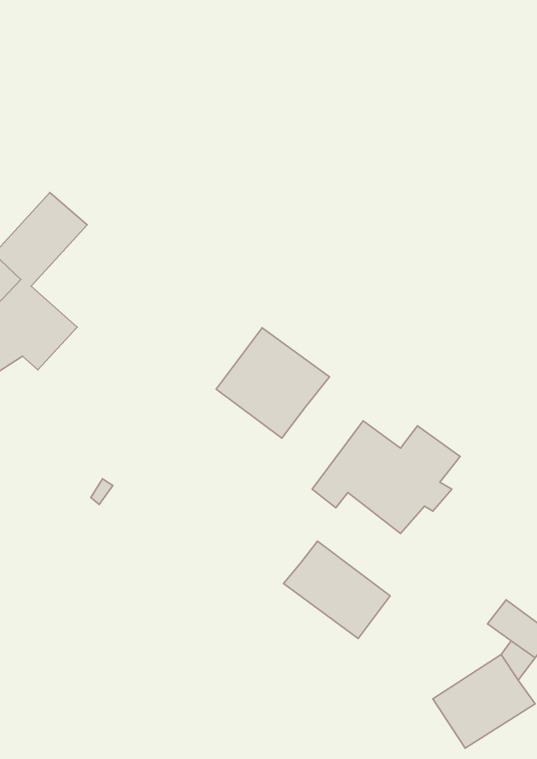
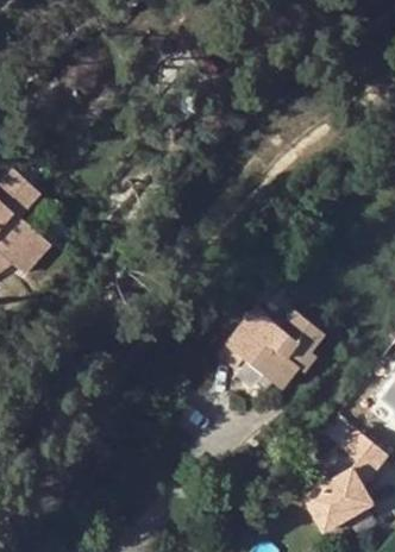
building: [216,328,330,438] -> none
building: [284,541,390,638] -> none

